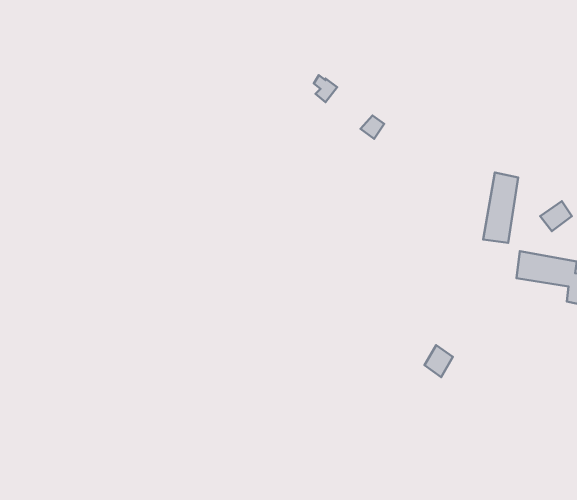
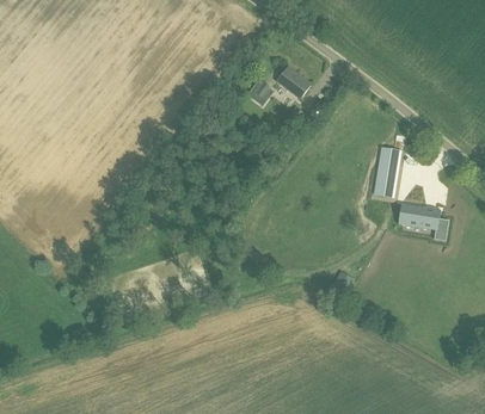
building: none -> [276,66,311,99]

